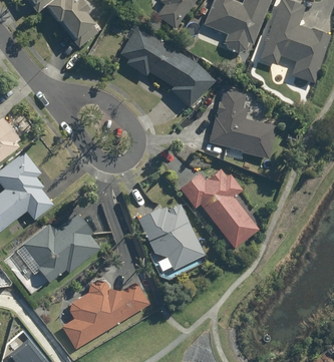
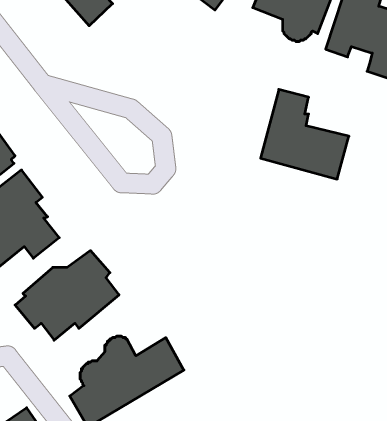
building: [118,26,215,106] -> none
building: [179,169,259,249] -> none
building: [136,204,205,281] -> none

